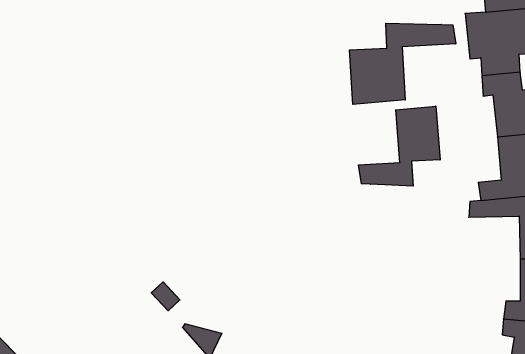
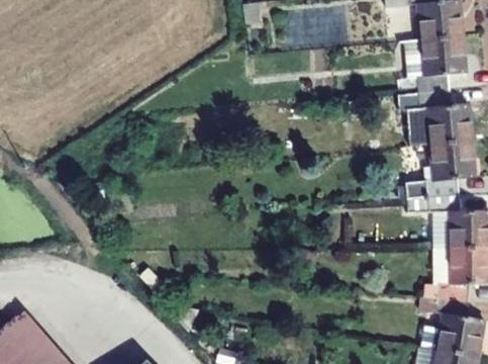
building: [350,23,456,104] -> none
building: [359,106,440,186] -> none

